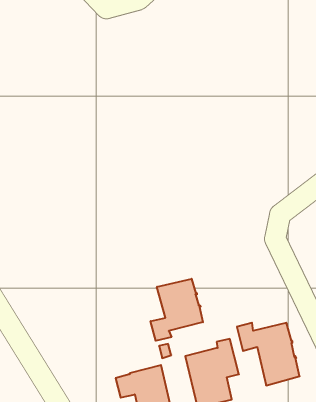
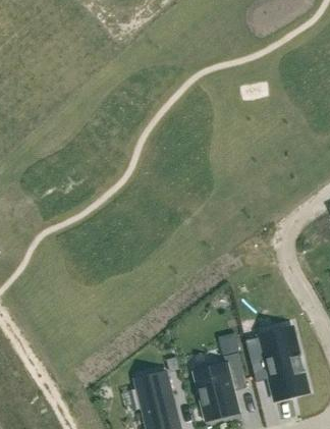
building: [151,279,203,341] -> none

